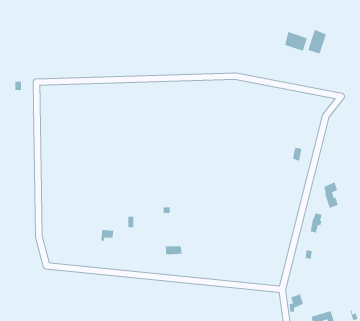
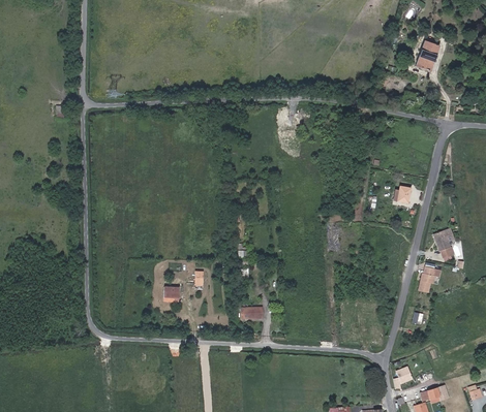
building: [284,31,308,52] -> none

